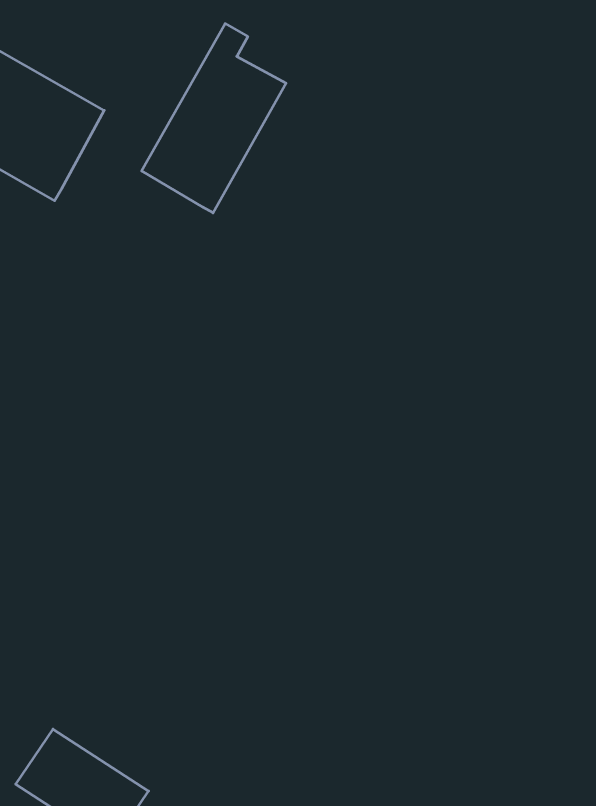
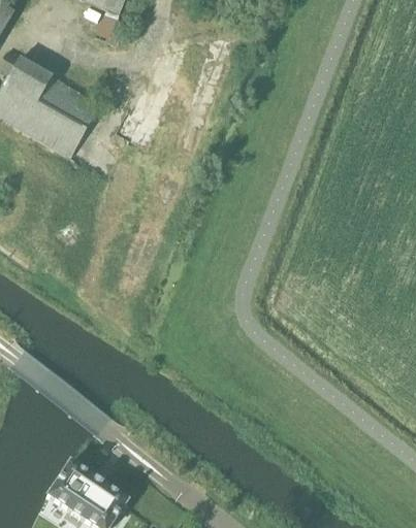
building: [142,24,286,213] -> none

